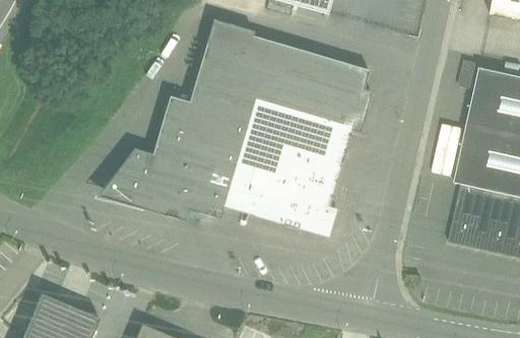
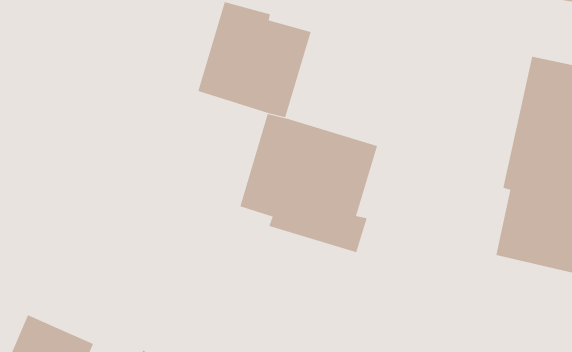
building: [267,46,373,145] -> none
building: [107,95,251,217] -> none

